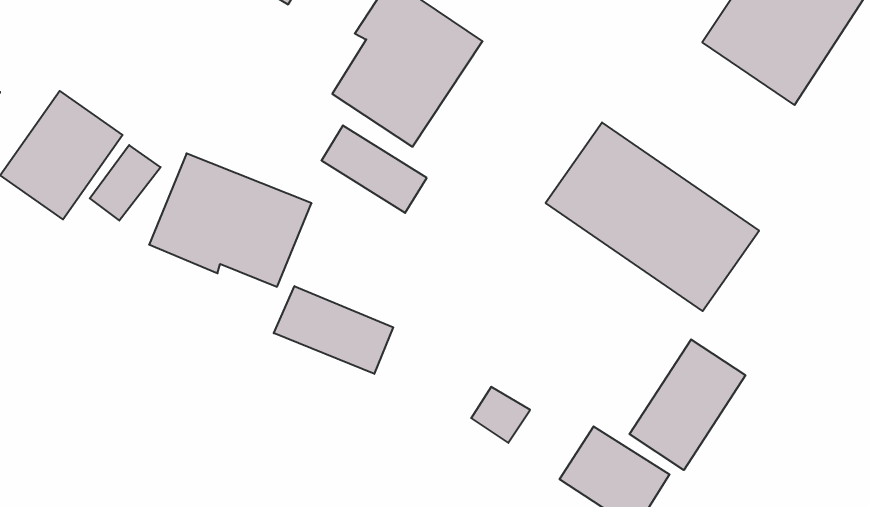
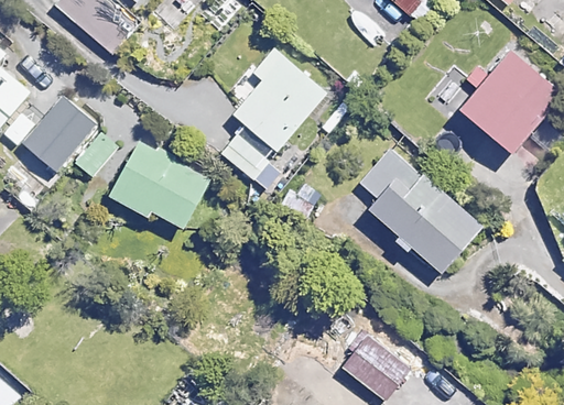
building: [274,286,393,374] -> none
building: [630,339,745,470] -> none

